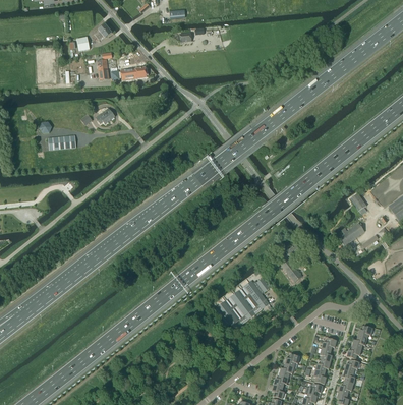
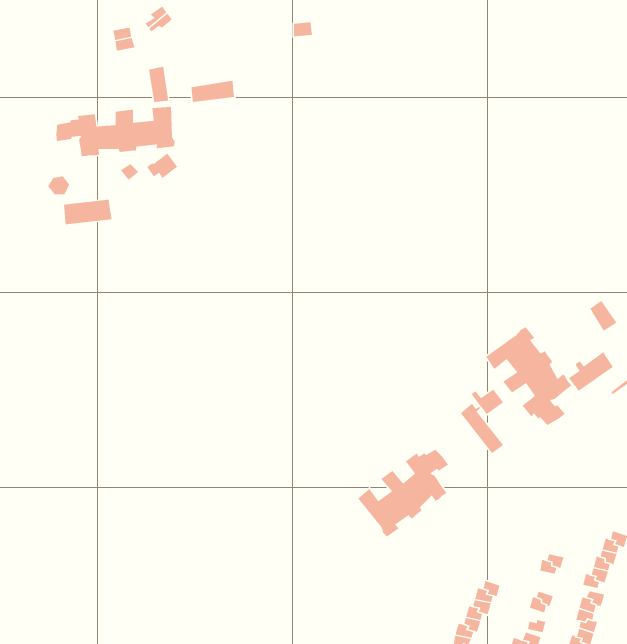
building: none -> [55,106,176,157]
building: none -> [485,326,572,426]

